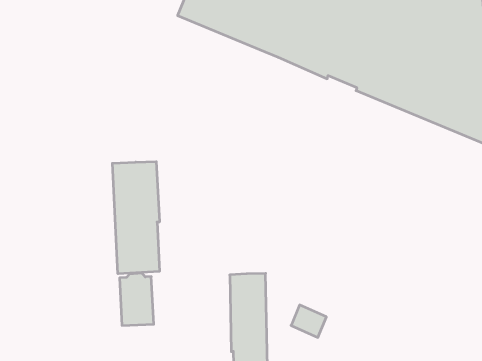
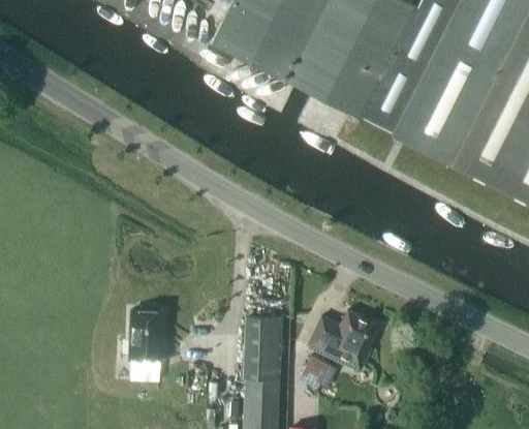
building: [112,162,159,274] -> none
building: none -> [308,310,379,369]

